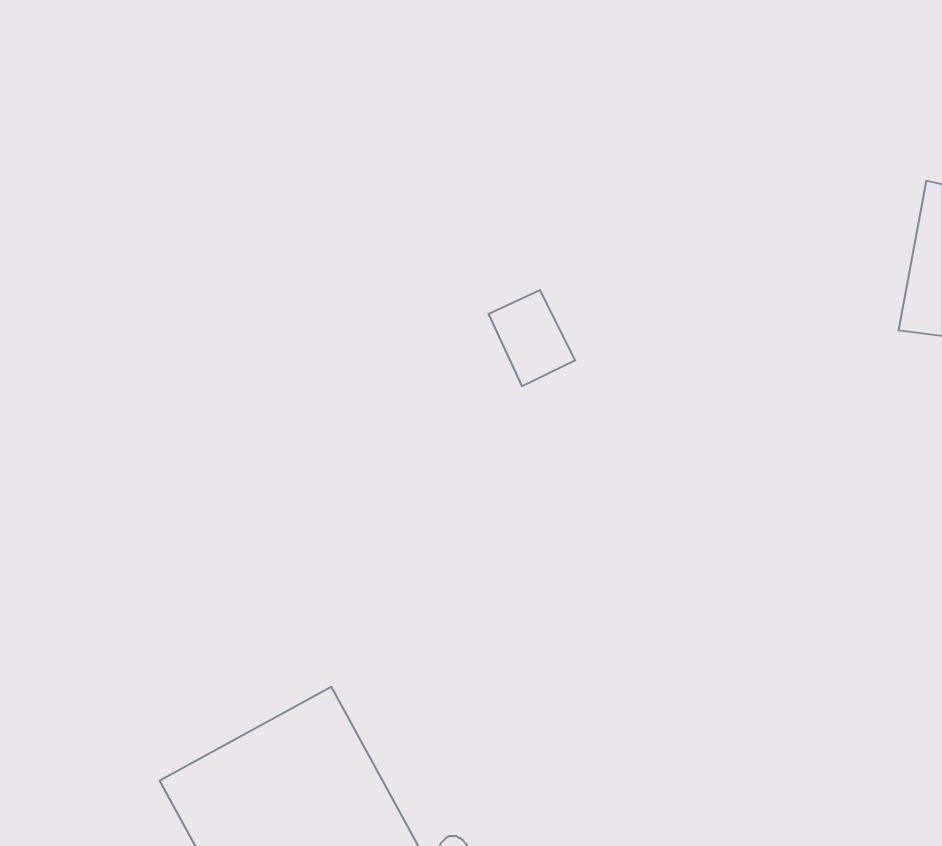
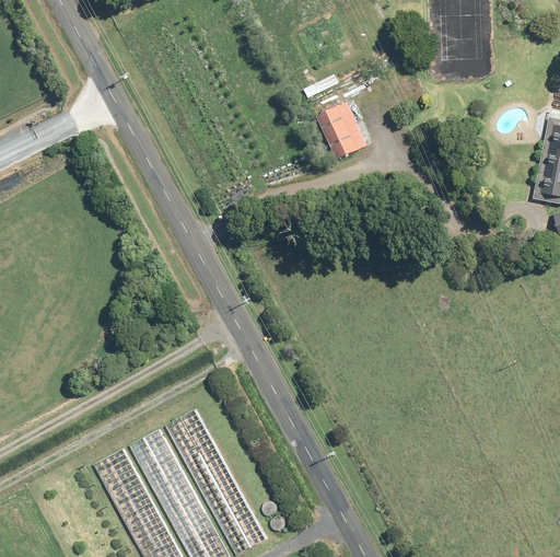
building: [488,290,575,386] -> [318,101,370,158]

